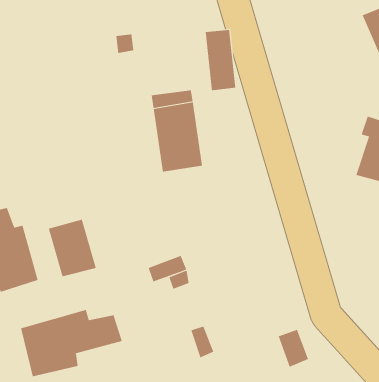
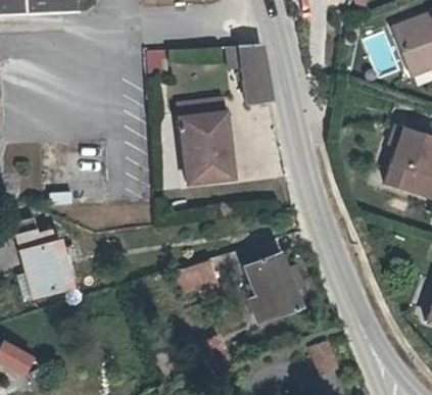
building: [48,219,97,277] -> none
building: none -> [250,248,311,327]
building: [20,309,123,377] -> none

